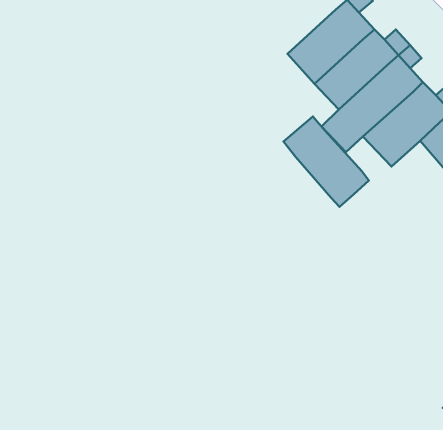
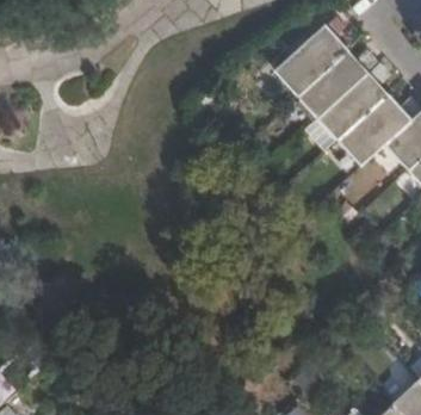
building: [284,116,369,207] -> none

